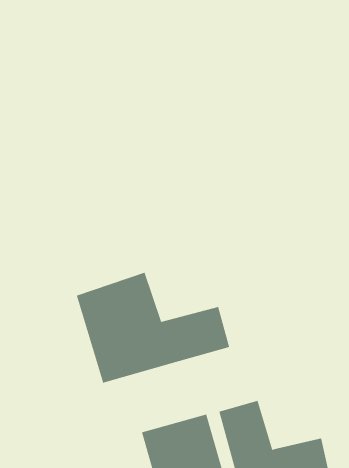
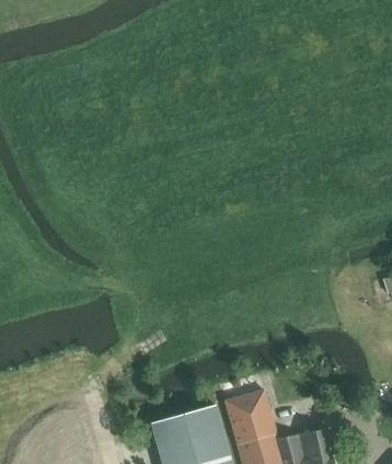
building: [76,272,230,383] -> none

